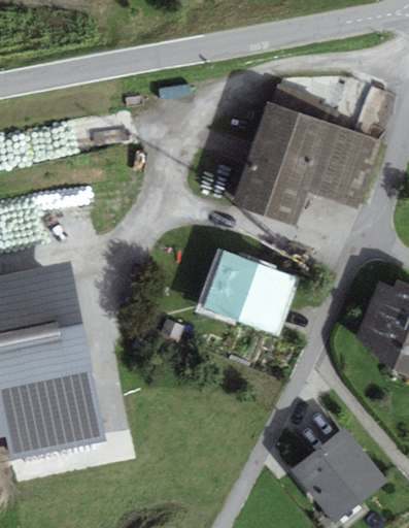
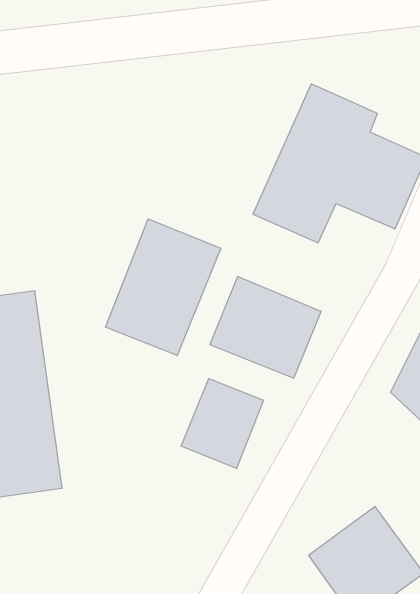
building: none -> [106,219,221,356]
building: none -> [181,379,263,469]

